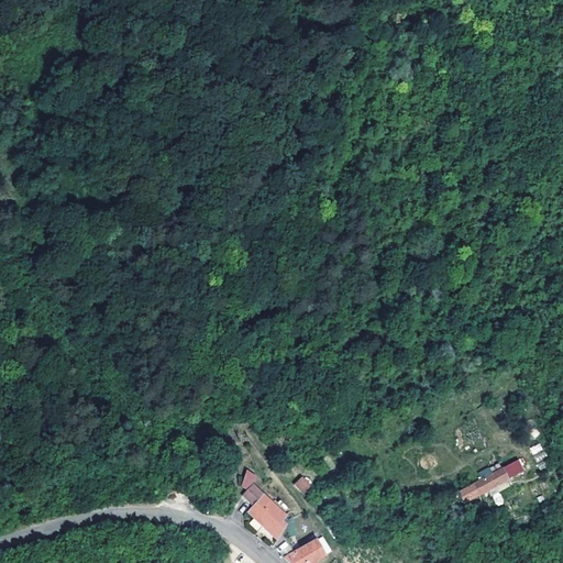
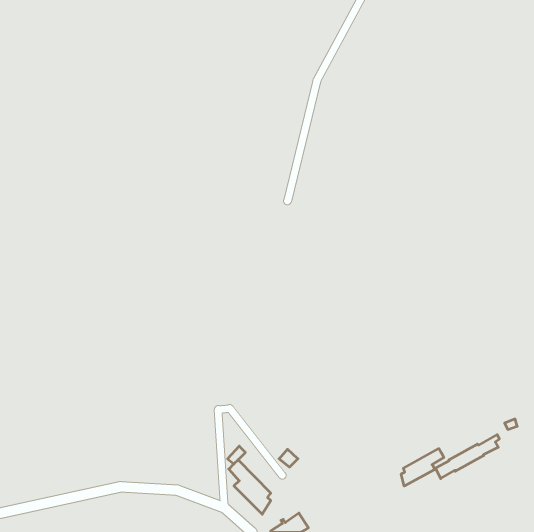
building: none -> [401,449,444,486]

